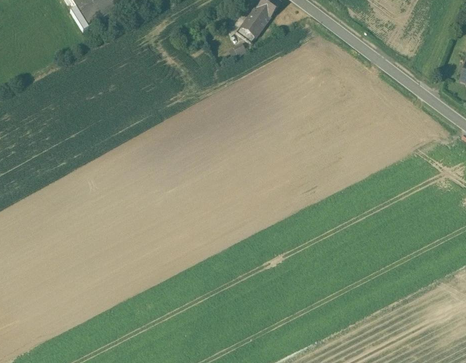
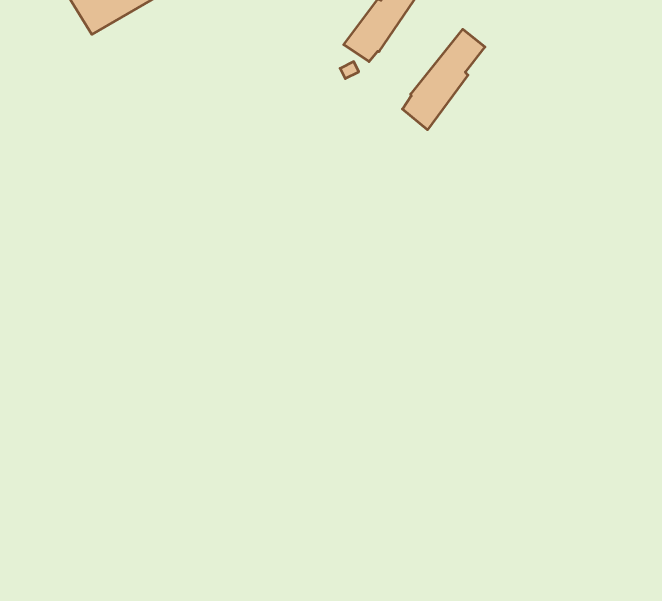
building: none -> [402,29,485,130]

